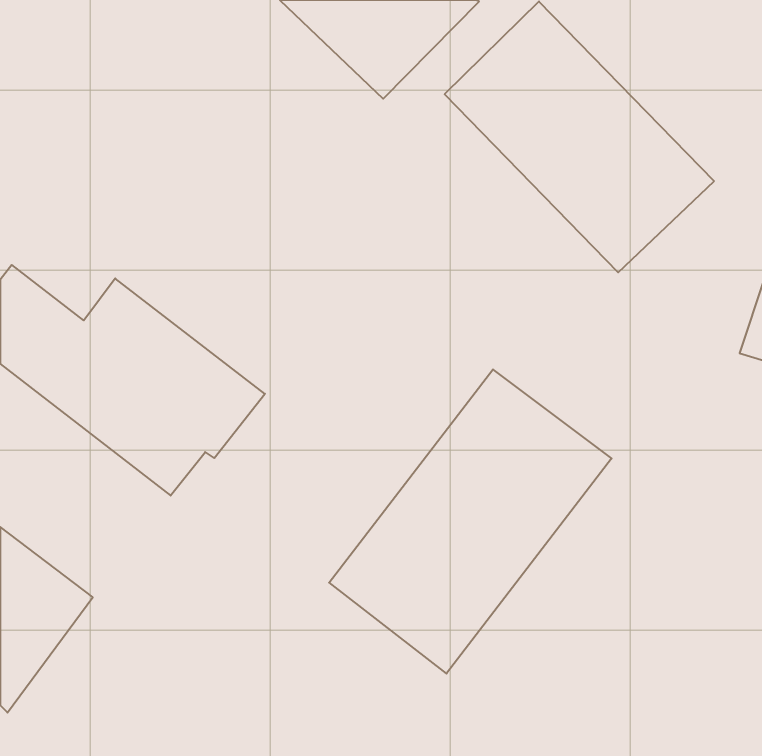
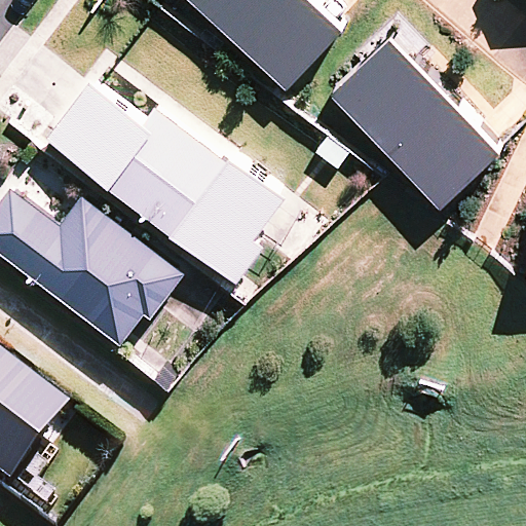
building: none -> [45,82,283,283]
building: [329,369,612,674] -> none

